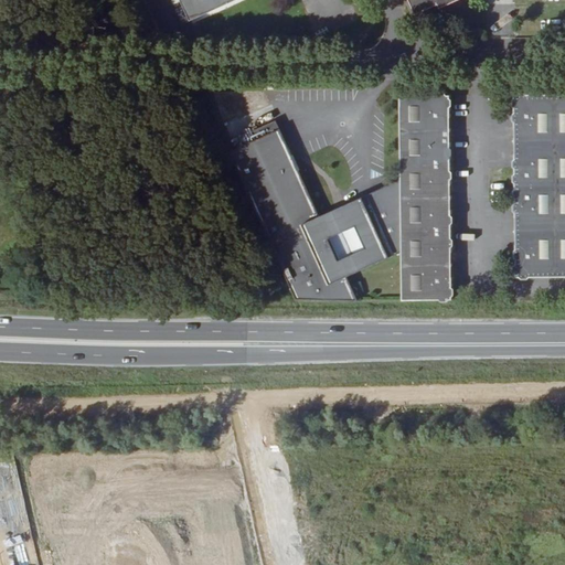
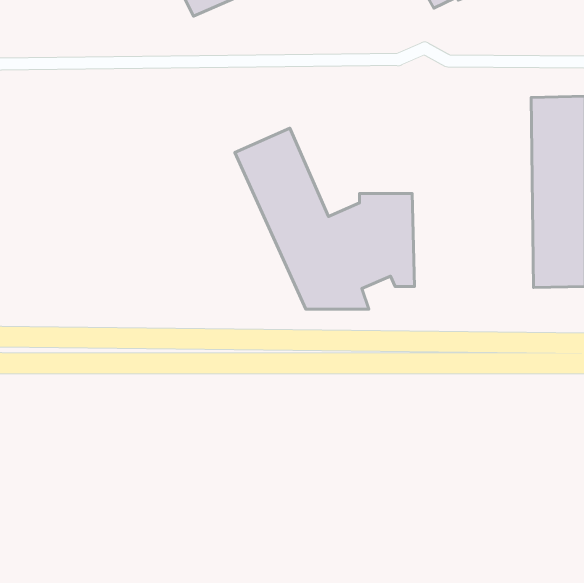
building: [397,95,452,298] -> none

